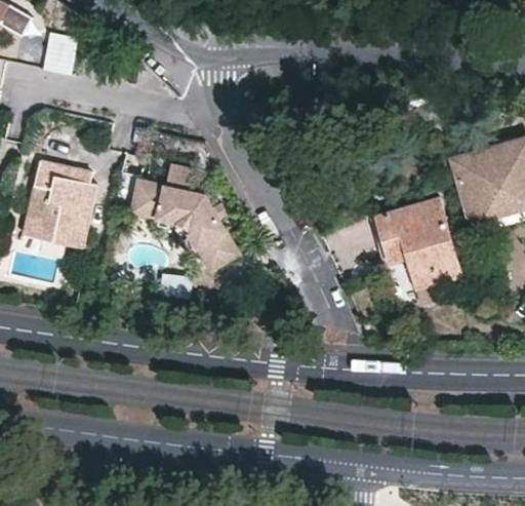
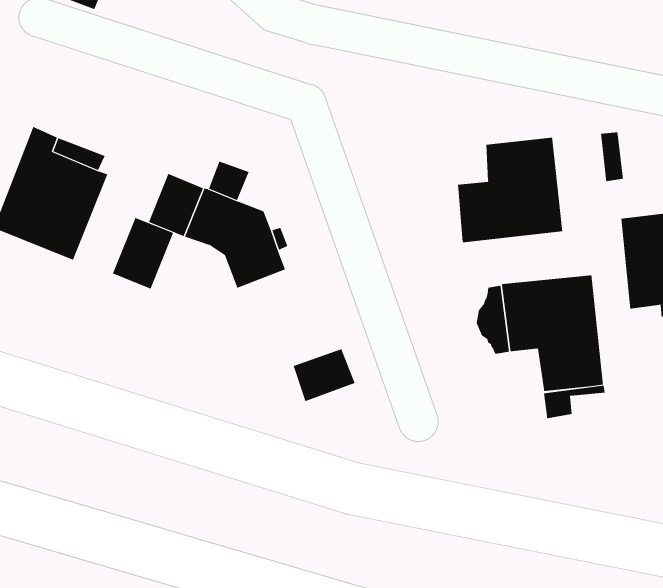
building: none -> [458,137,563,243]
building: none -> [112,217,174,289]
building: [196,232,241,273] -> [293,348,355,402]

